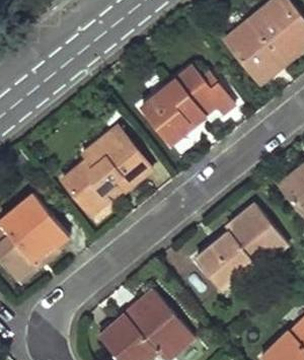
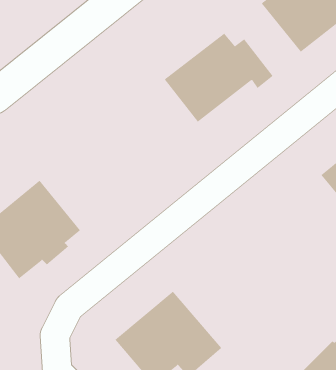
building: [64,129,153,204] -> none
building: [194,206,284,290] -> none

